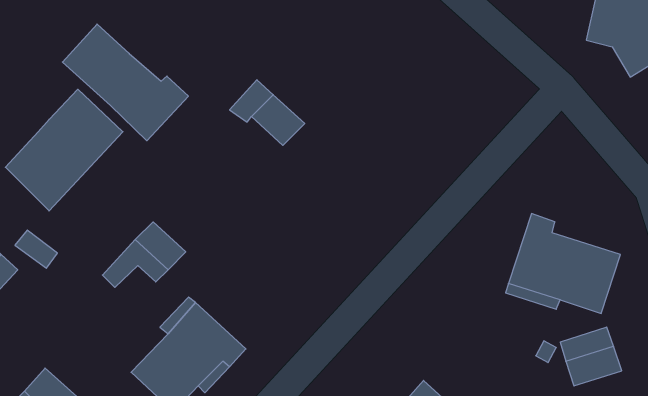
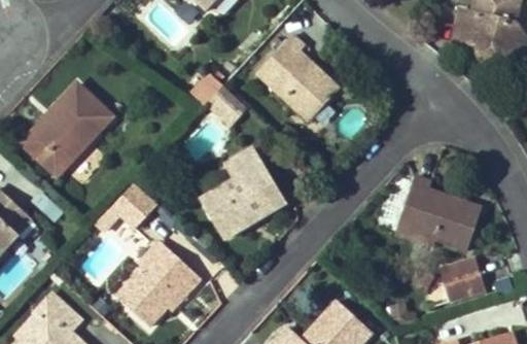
building: [62,24,188,141] -> none
building: none -> [258,35,340,122]
building: none -> [202,149,285,236]

